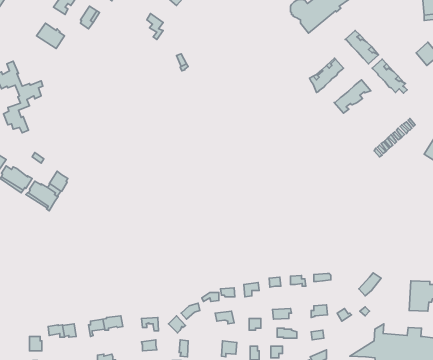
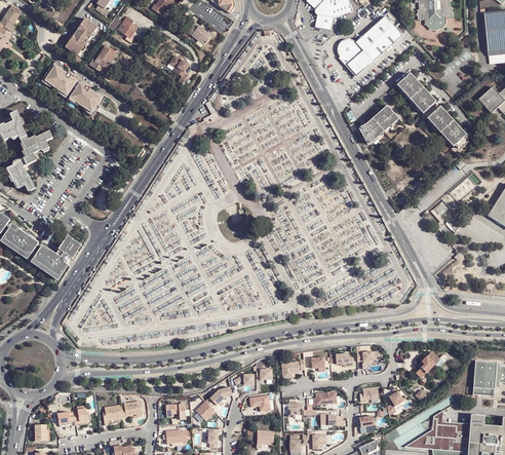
building: none -> [70,82,102,112]
building: [334,80,371,113] -> none

